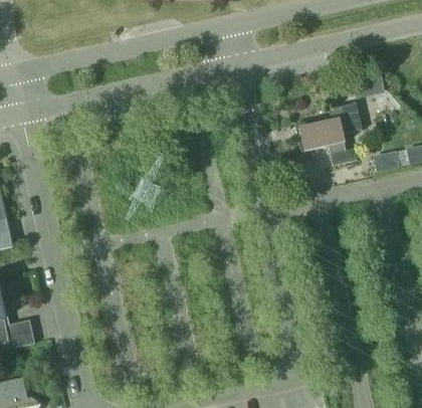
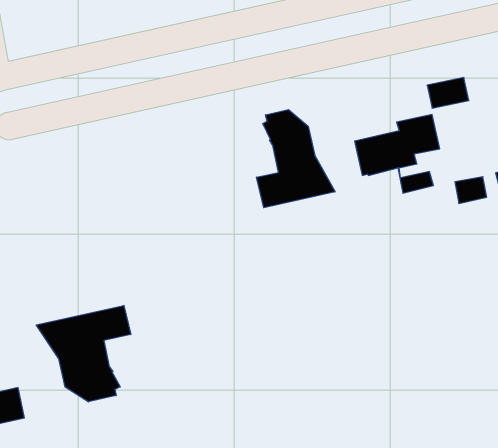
building: none -> [257,110,335,208]
building: none -> [36,305,131,402]

